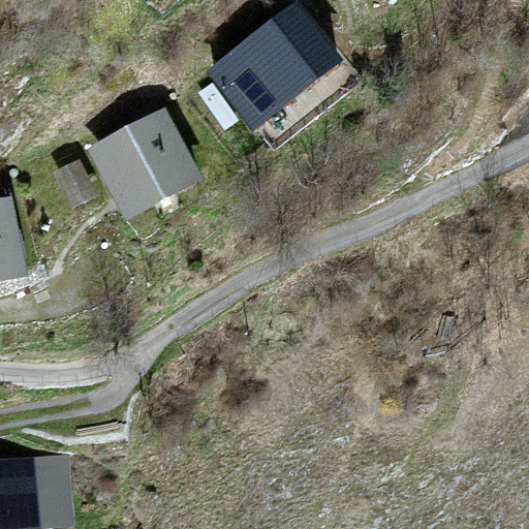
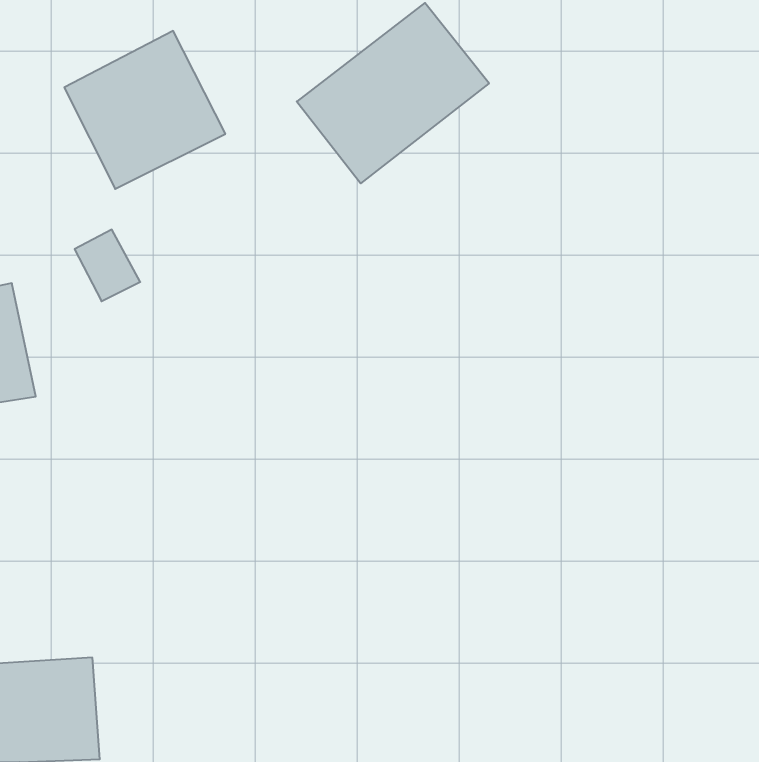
building: [89,108,200,218] -> [64,31,225,189]

